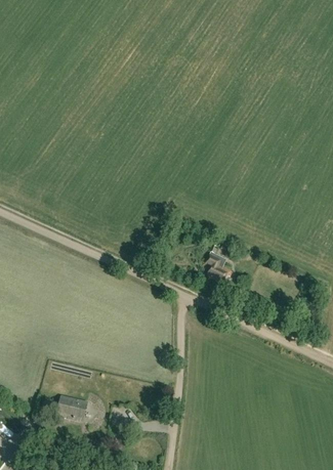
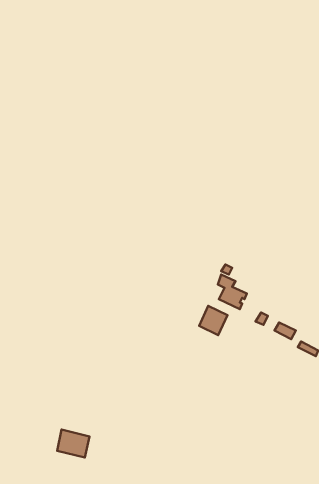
building: none -> [199,306,227,335]

